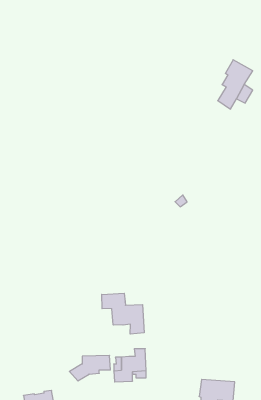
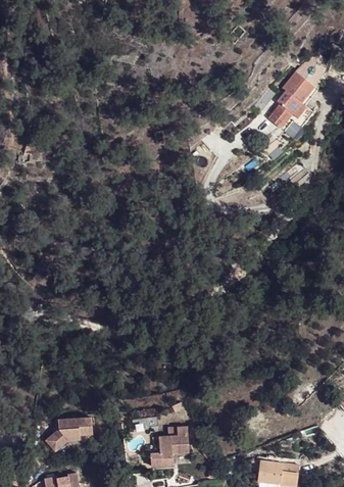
building: [102,293,144,334] -> none
building: [69,355,110,381] -> [43,421,92,451]

